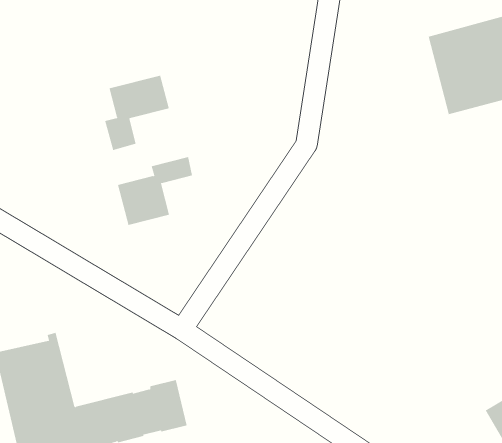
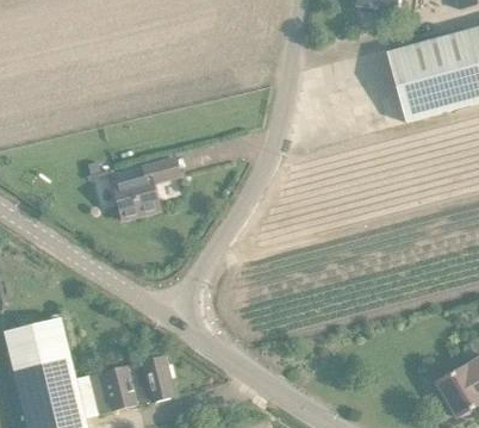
building: [104,75,169,151] -> none

